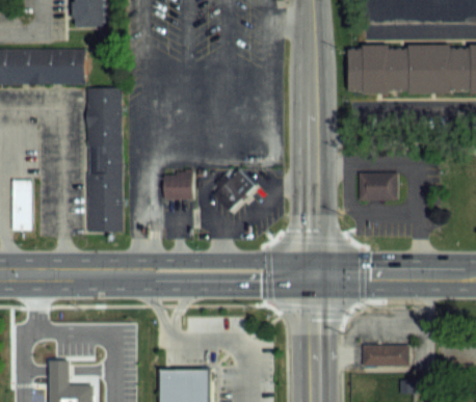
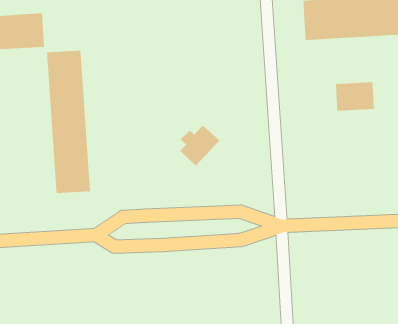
building: [163,170,192,198] -> none
building: [358,171,396,199] -> [335,82,375,111]
building: [362,344,407,365] -> none

